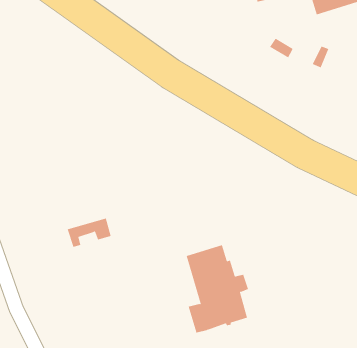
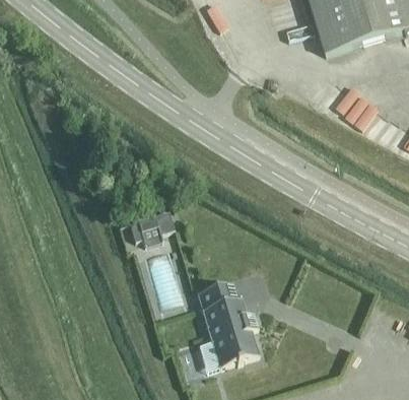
building: [67,218,112,247] -> [129,209,174,239]

